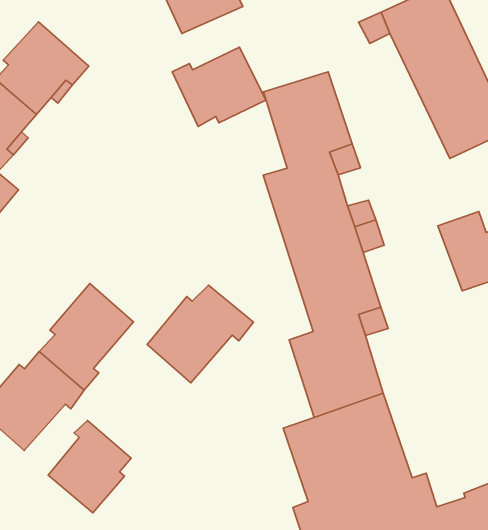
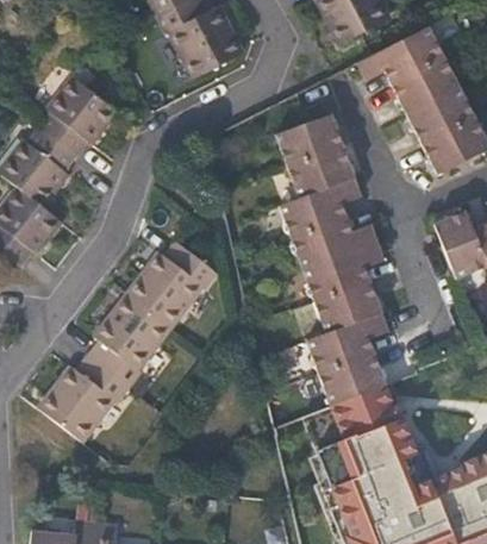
building: [172,47,266,126] -> none
building: [147,285,254,383] -> [130,243,220,327]
building: [48,420,131,513] -> none

